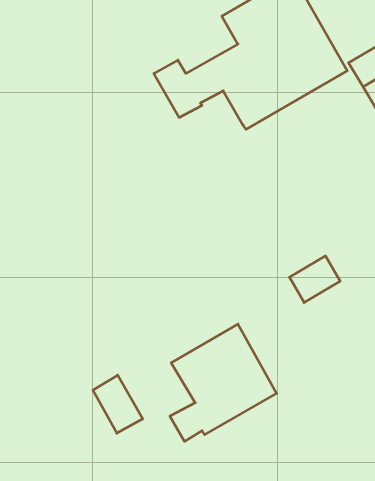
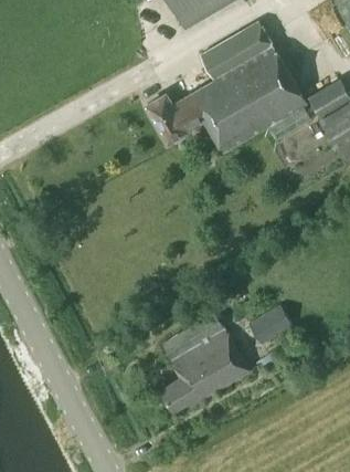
building: [289,256,340,303] -> [248,305,290,344]
building: [93,375,143,433] -> none

